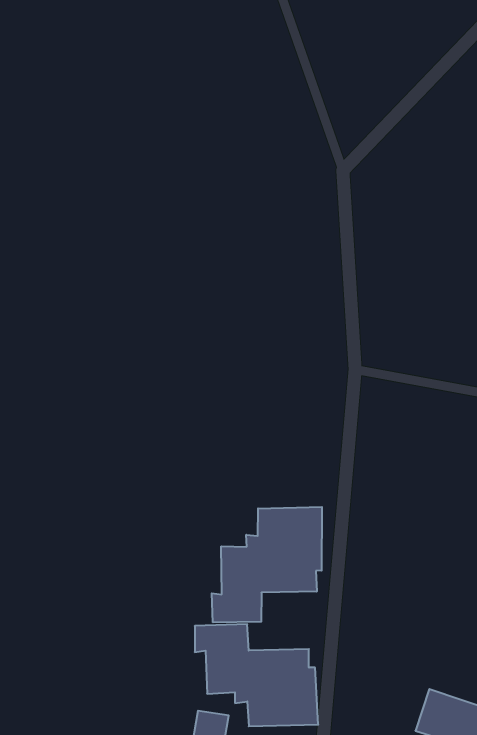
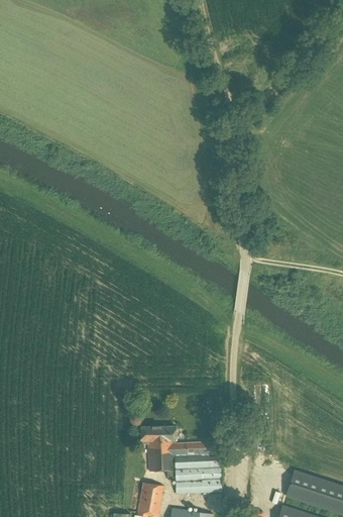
building: [212,507,322,622] -> none

